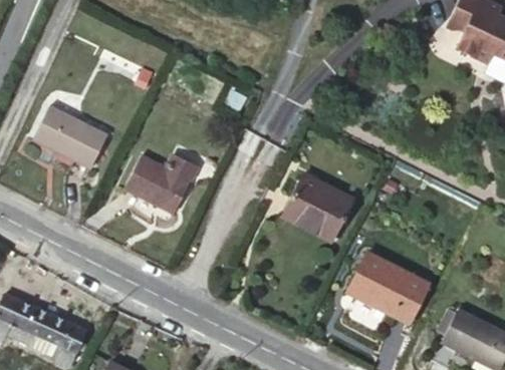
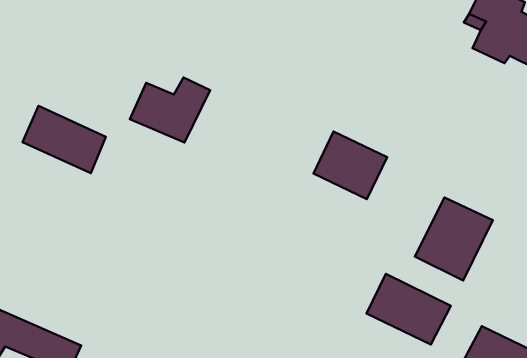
building: [124,153,200,215] -> [130,77,210,143]
building: [284,180,353,244] -> [313,132,387,199]
building: none -> [415,198,493,280]

